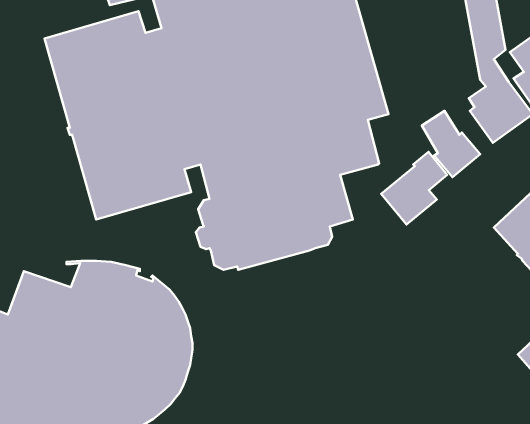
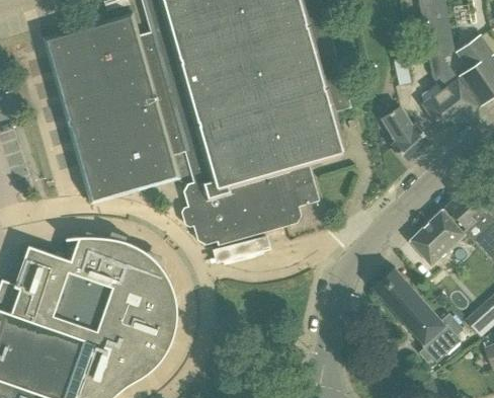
building: [381,152,447,224] -> none
building: none -> [409,211,464,264]
building: none -> [372,267,464,363]

